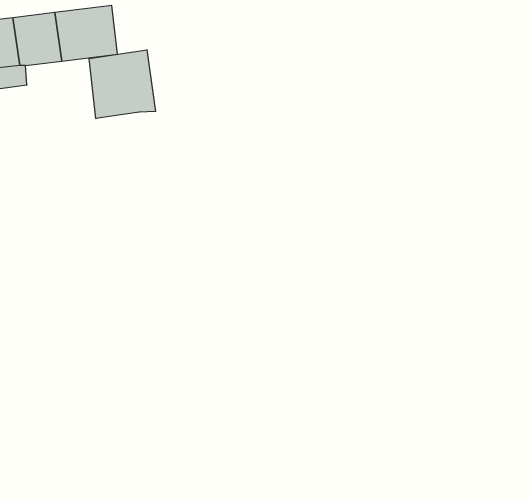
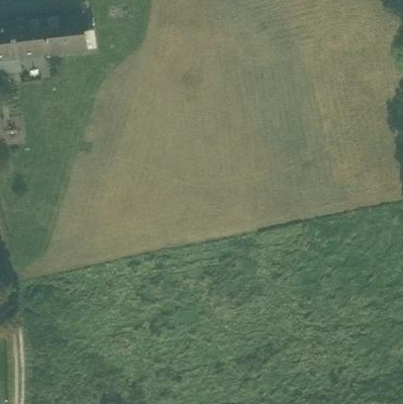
building: [89,50,156,119] -> none

